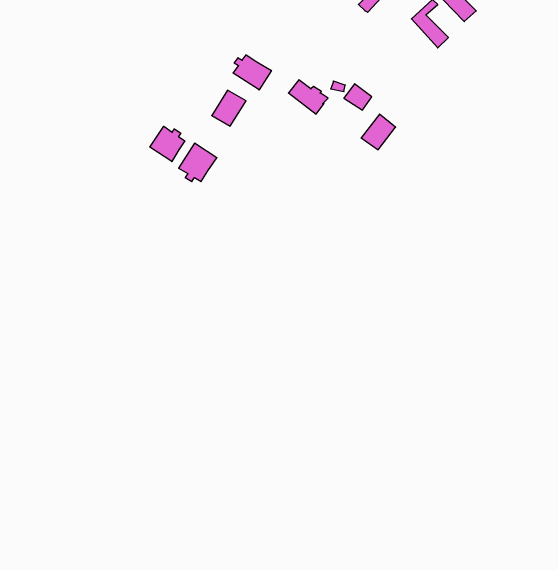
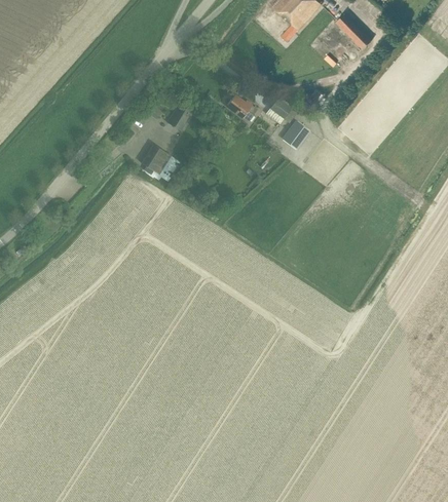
building: [233,55,271,90] -> none
building: [150,126,185,162] -> none

